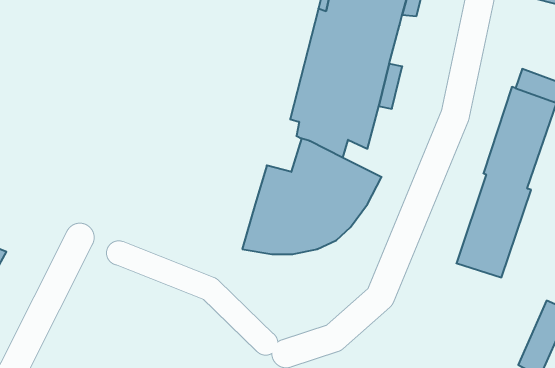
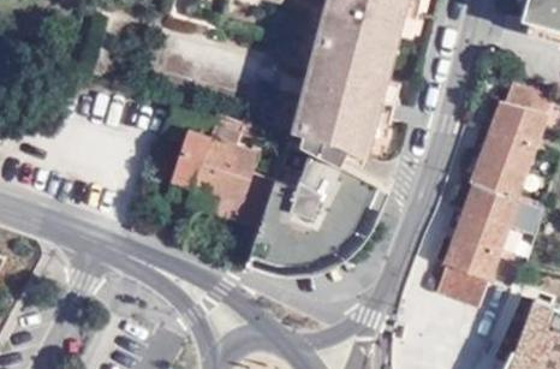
building: none -> [163,113,273,221]
building: none -> [441,266,492,305]

